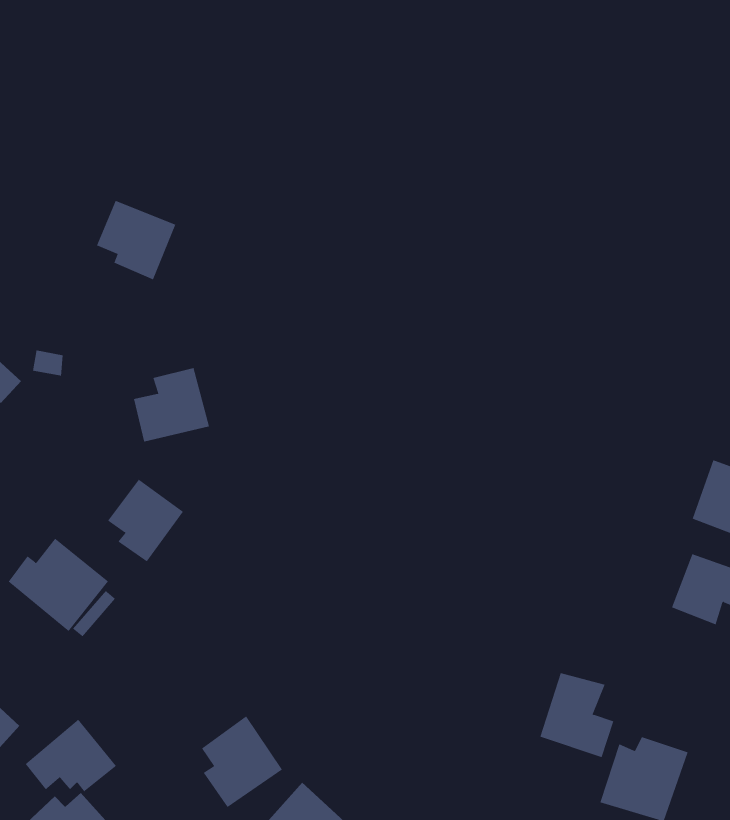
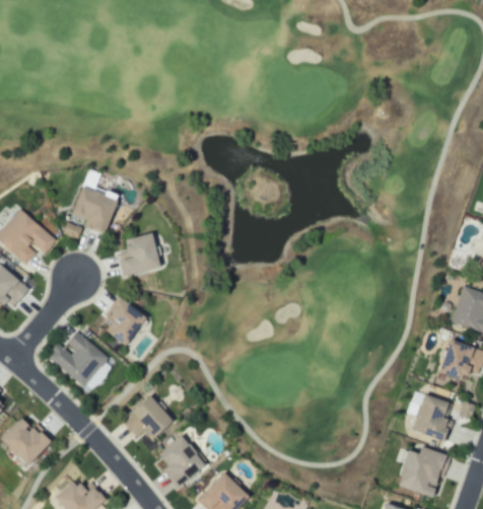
building: [96,200,176,280] -> [73,186,120,232]
building: [539,672,614,758] -> [407,393,451,443]
building: [25,719,117,792] -> [122,395,176,438]

